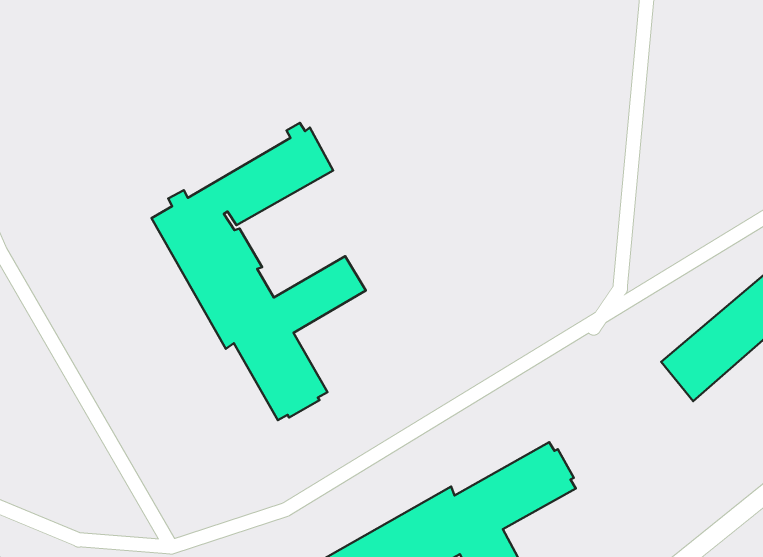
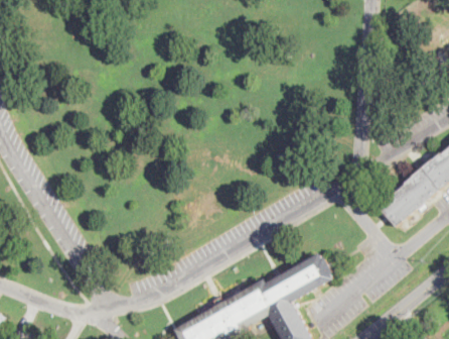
building: [151,123,366,420] -> none

